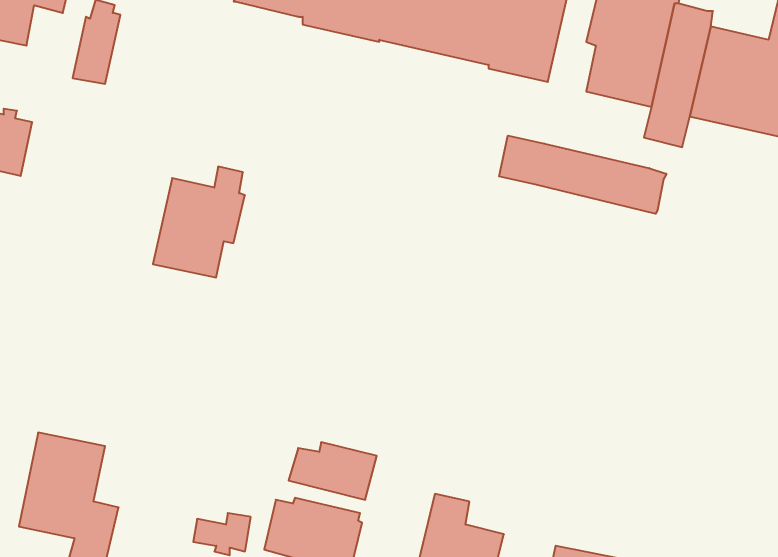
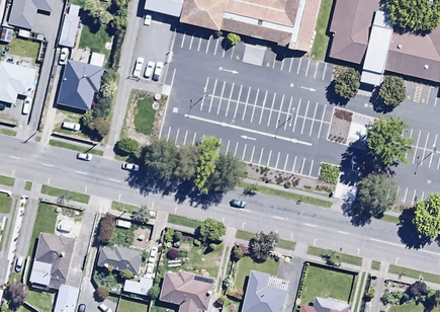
building: [499,136,666,214] -> none
building: [153,167,245,278] -> [57,55,105,113]
building: [289,442,377,500] -> [96,247,143,278]

